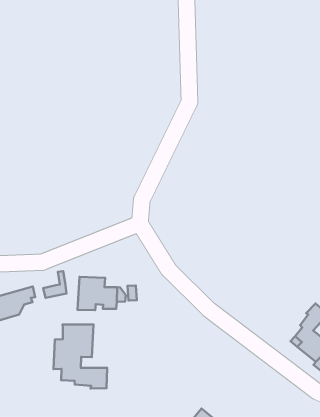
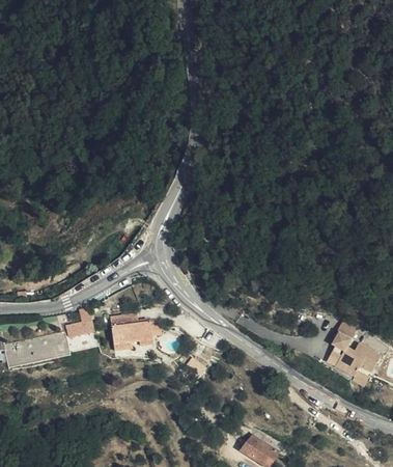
building: [53,324,107,389] -> none

